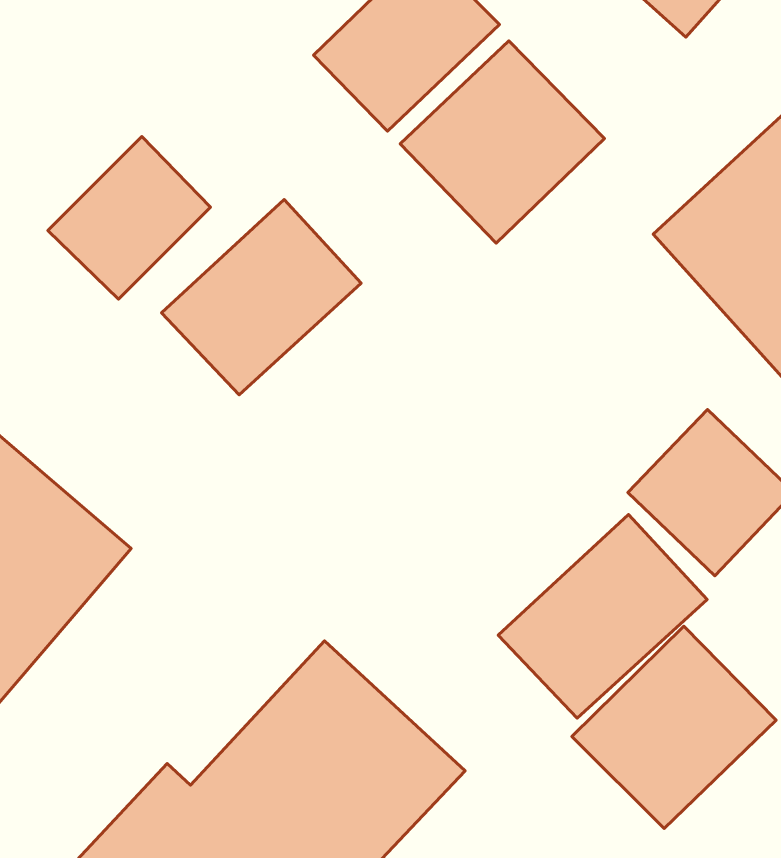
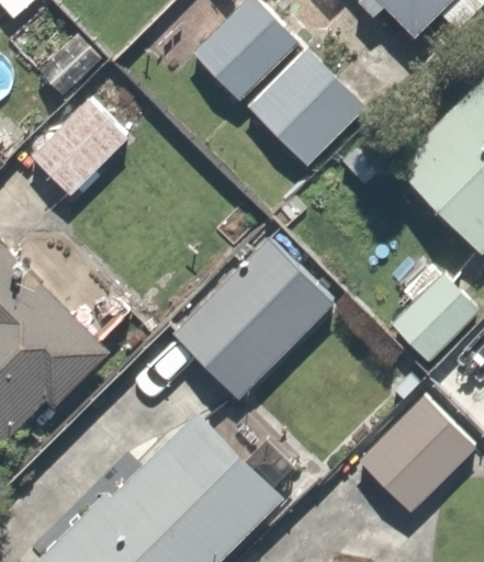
building: [161,200,361,395] -> none
building: none -> [170,235,337,400]
building: [498,514,707,718] -> none

